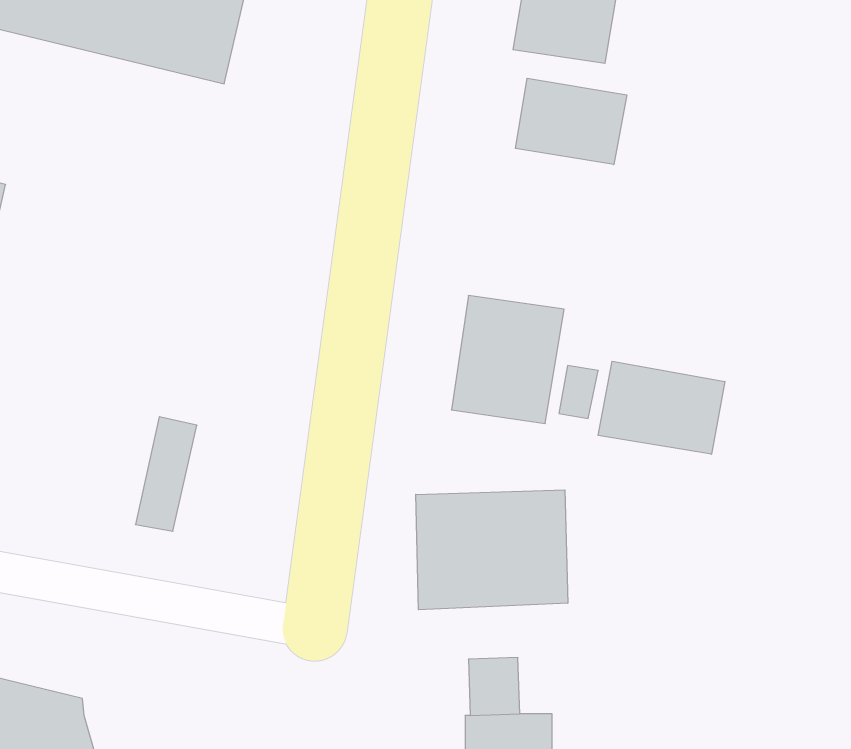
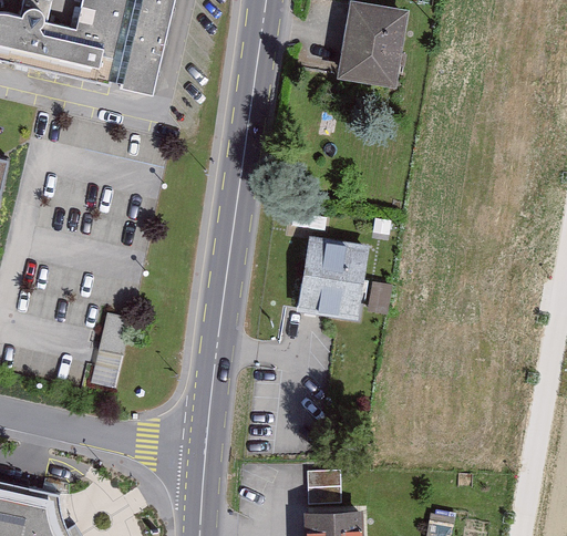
building: [515,78,627,165] -> none
building: [598,361,725,454] -> none
building: [416,490,568,610] -> none

